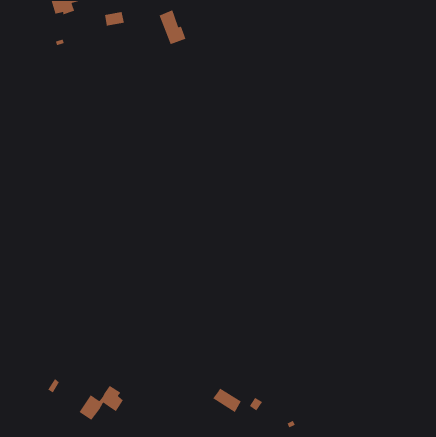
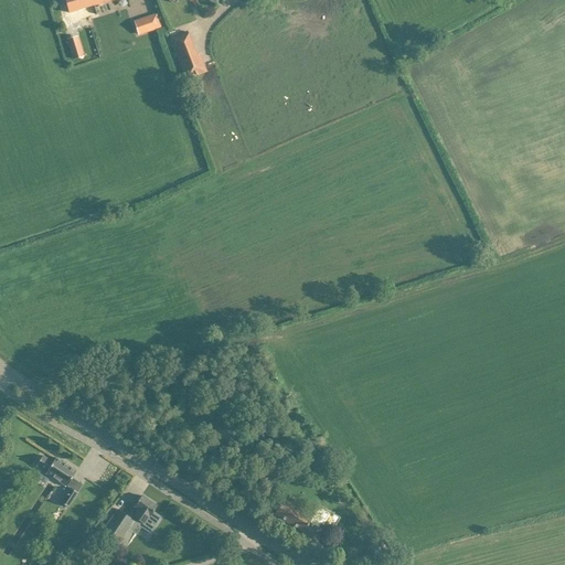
building: [158,9,187,45] -> [171,32,207,78]
building: none -> [36,456,77,487]

